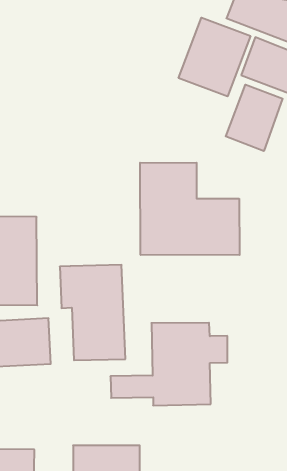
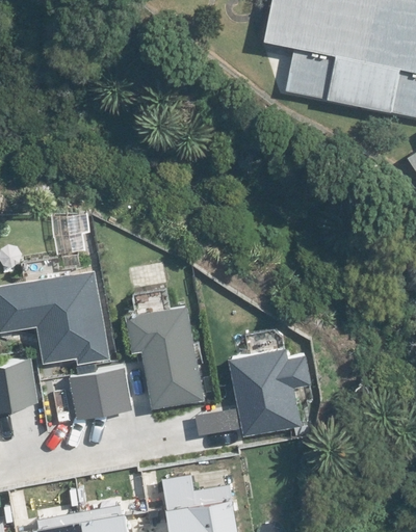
building: [179,18,250,96] -> none
building: [226,85,283,151] -> none
building: [140,163,240,255] -> none

